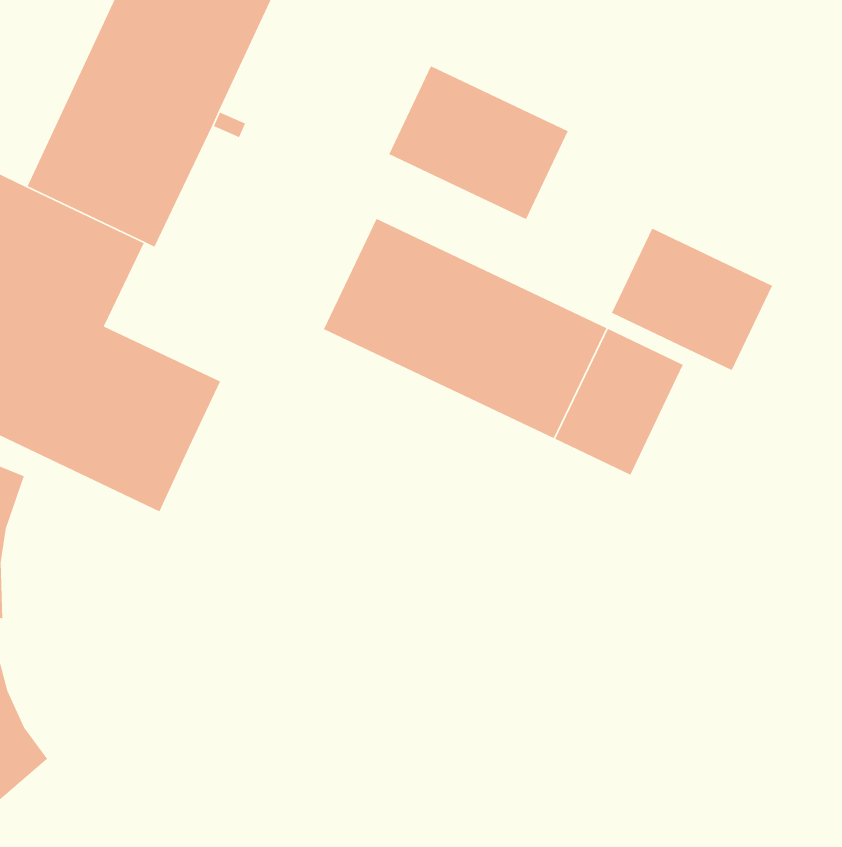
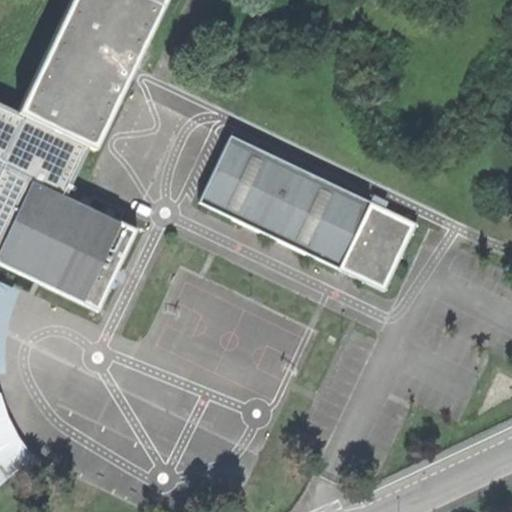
building: [388,65,569,220] -> none
building: [611,227,773,371] -> none

